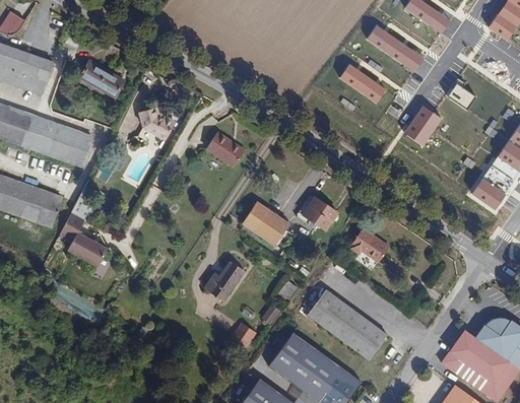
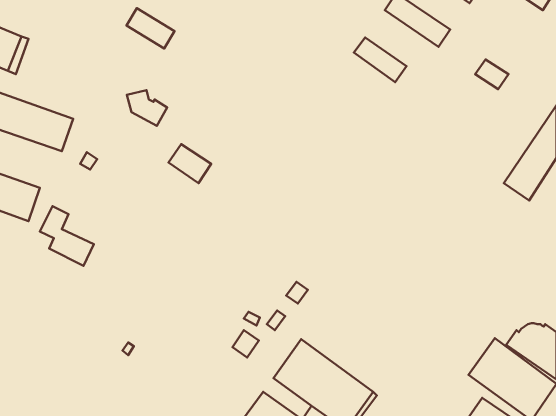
building: [79,64,122,99] -> [126,8,175,48]
building: [405,106,442,145] -> none
building: [206,134,244,169] -> [169,144,211,183]
building: [303,197,337,230] -> none
building: [242,202,288,245] -> none
building: [352,229,388,263] -> none
building: [205,258,246,301] -> none
building: [307,290,386,359] -> none

